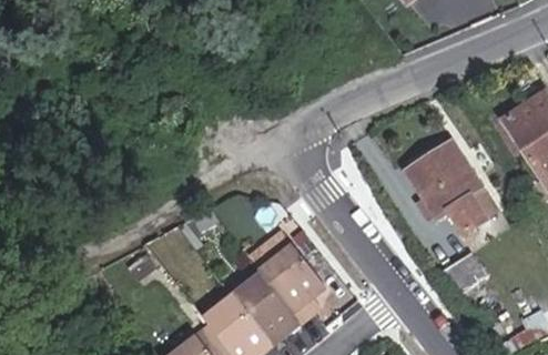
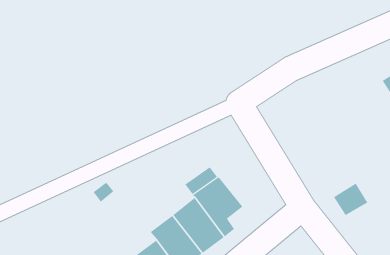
building: [407,142,486,234] -> none

